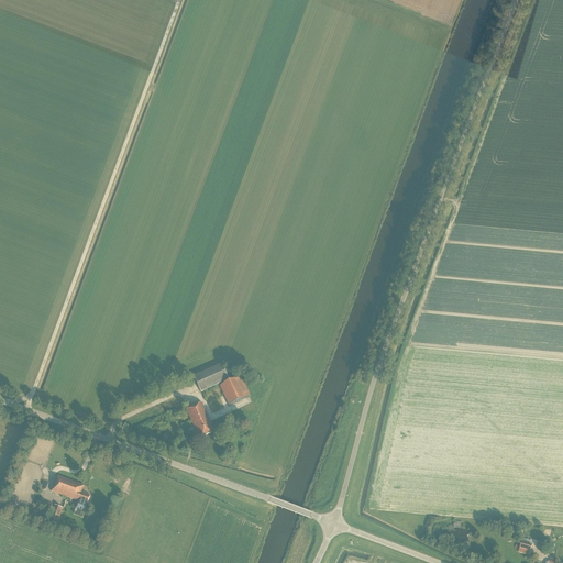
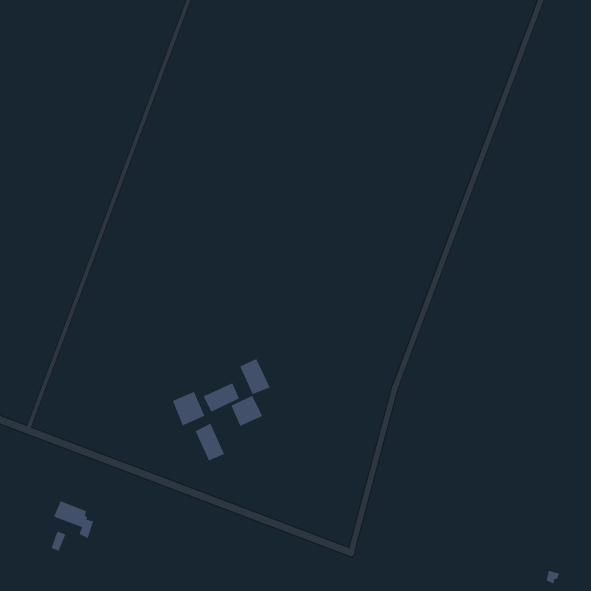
building: none -> [240,358,270,395]
building: none -> [172,391,205,426]

